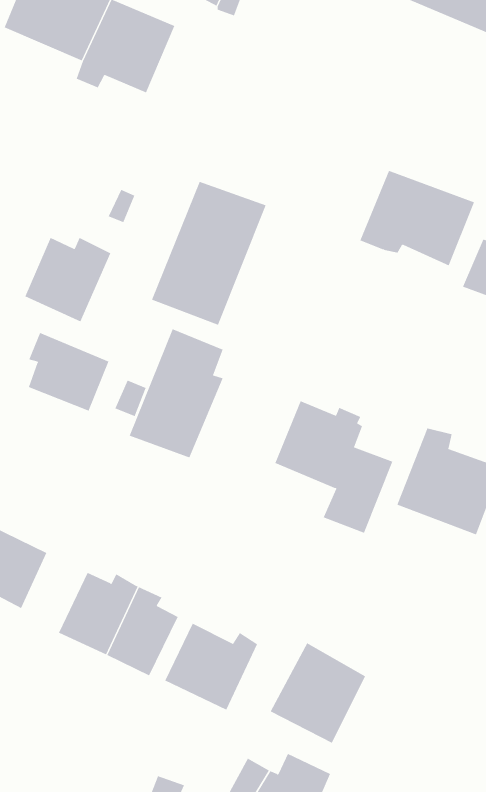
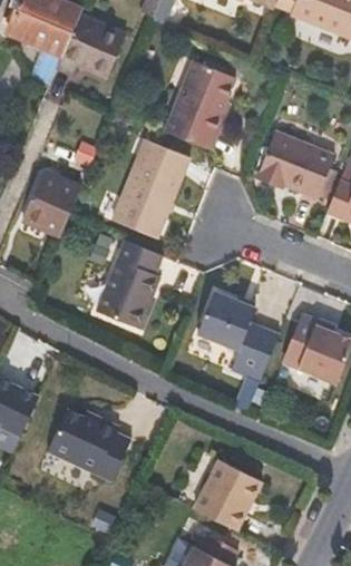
building: none -> [163,58,235,148]
building: [28,332,109,411] -> none
building: [165,623,258,711] -> none

